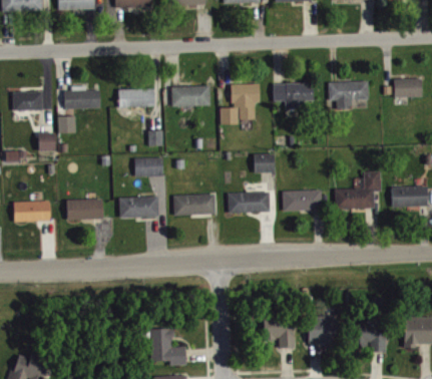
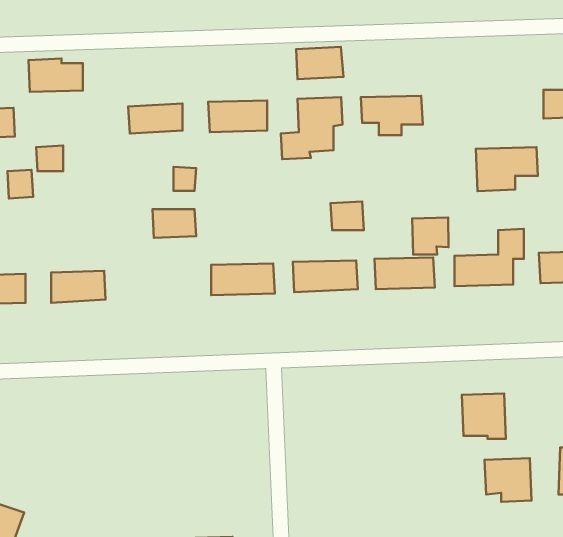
building: none -> [296,47,344,79]
building: [328,80,369,109] -> [476,147,538,191]
building: [64,86,100,108] -> [28,59,83,92]
building: none -> [412,217,449,255]
building: [119,197,158,217] -> none
building: [262,315,294,347] -> none
building: [308,315,337,345] -> [462,393,506,439]
building: [146,328,186,365] -> none

